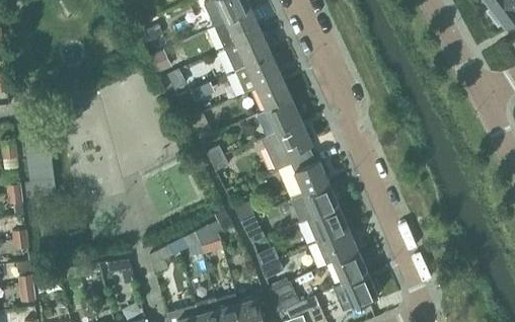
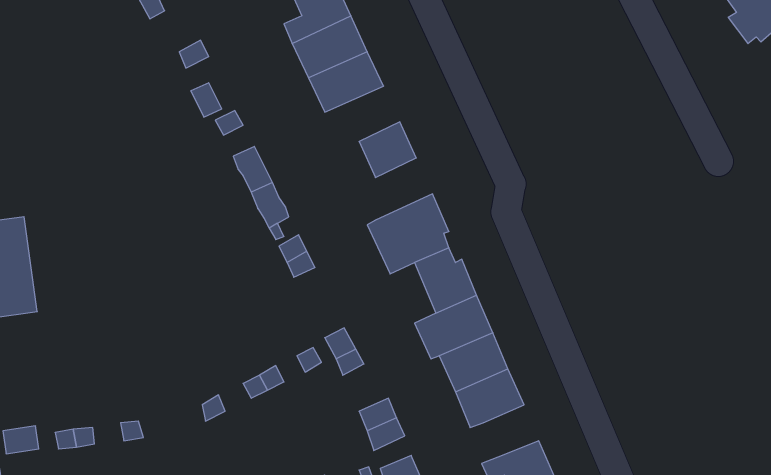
building: [234,54,281,93] -> none
building: [255,98,301,137] -> none
building: [333,251,367,284] -> none

